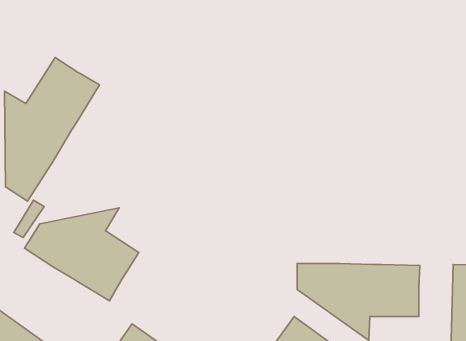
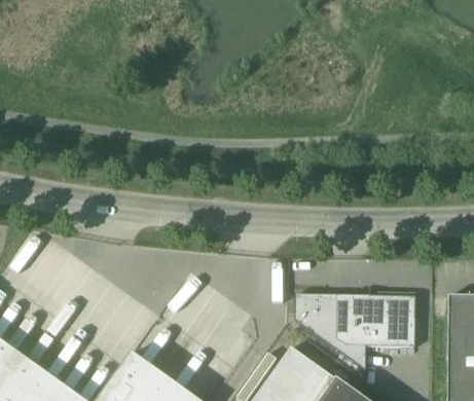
building: [5,58,99,201] -> none
building: [25,208,139,301] -> none

